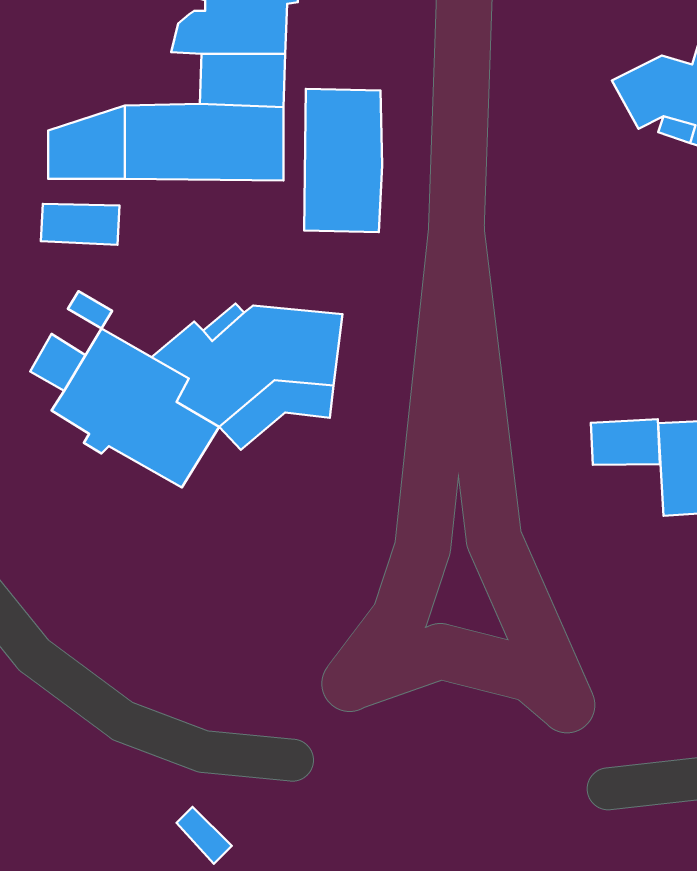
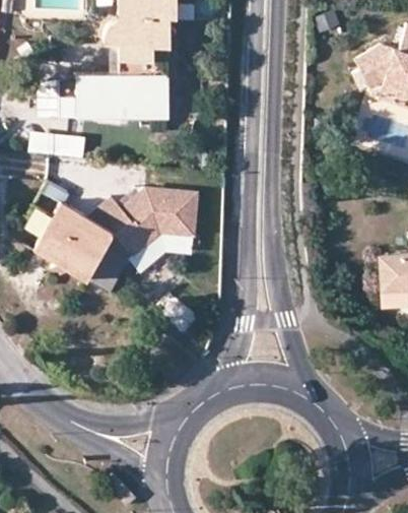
building: [304,89,382,232] -> none
building: [591,419,660,465] -> none

